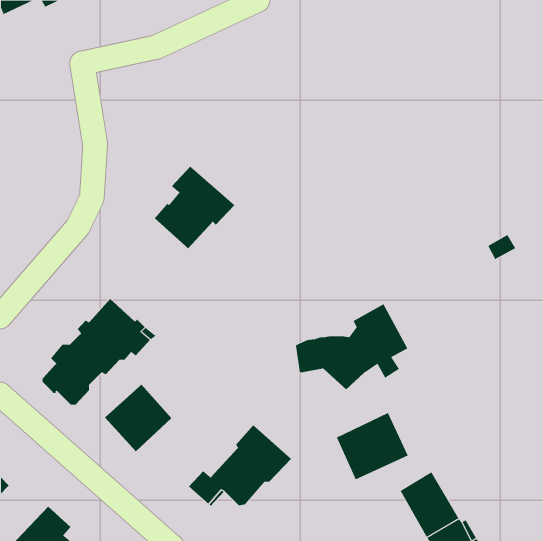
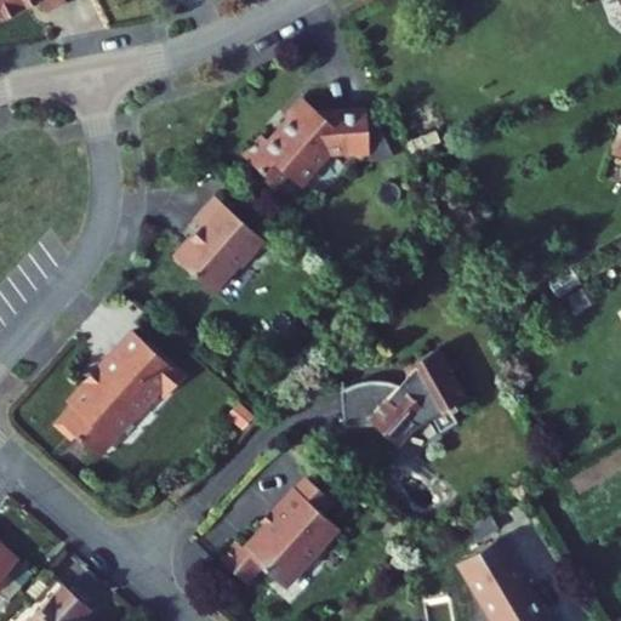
building: none -> [250,97,376,186]
building: [104,384,172,452] -> none
building: [336,412,409,480] -> none

